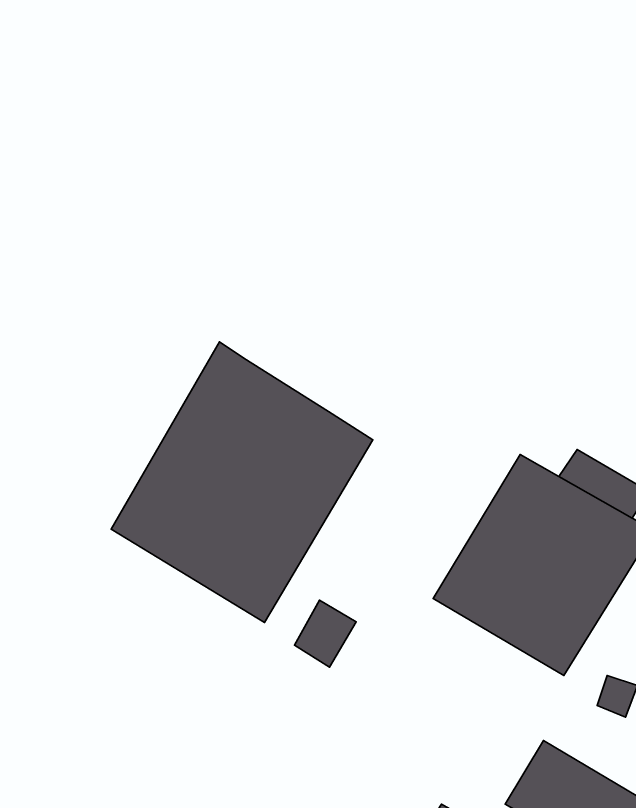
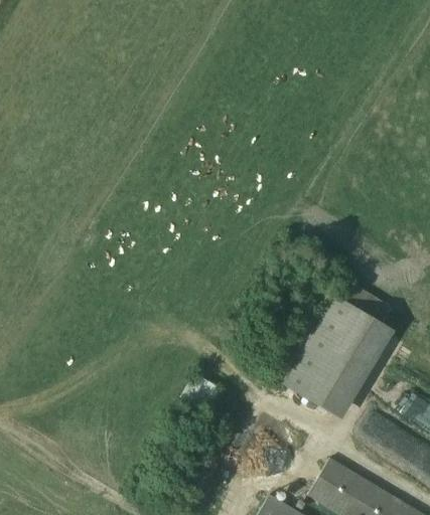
building: [111,342,373,623] -> none

